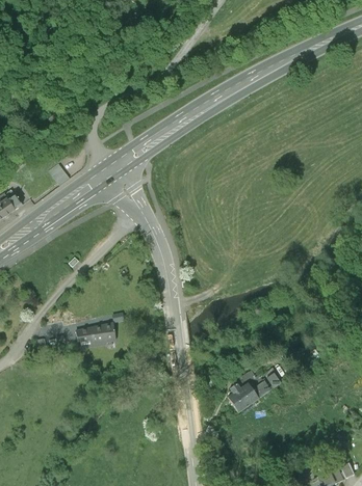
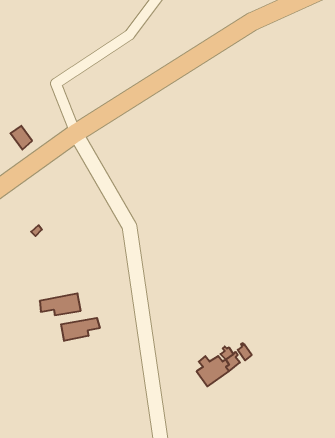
building: none -> [61,318,100,341]

